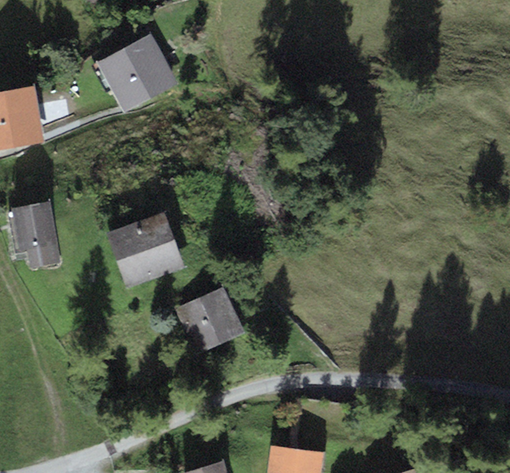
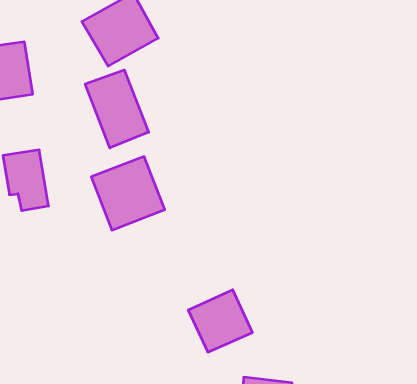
building: none -> [85,70,149,148]
building: [174,287,243,354] -> [188,290,252,352]

